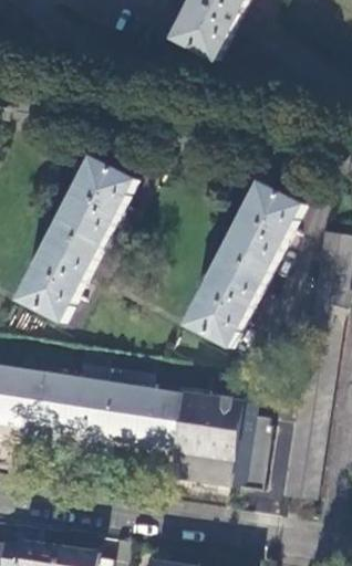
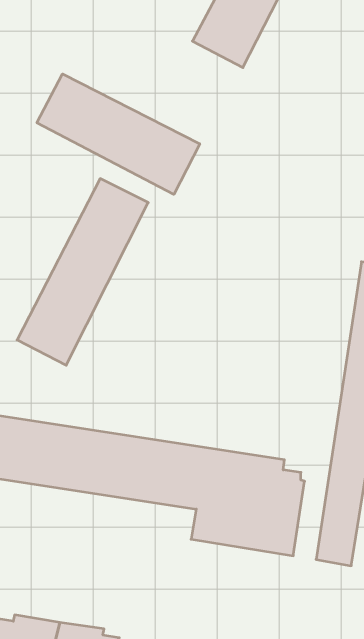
building: none -> [37,74,200,194]
building: [185,181,301,346] -> none

